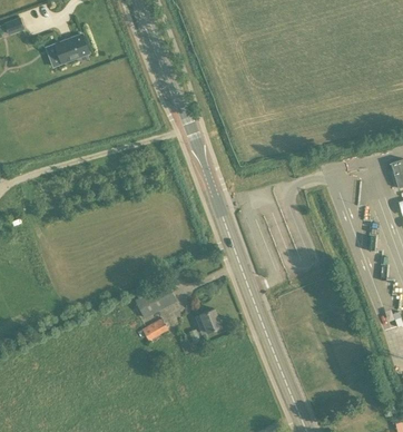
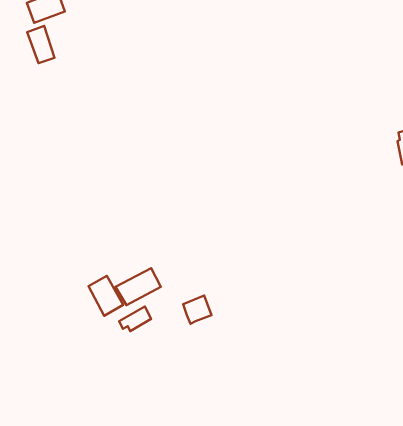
building: none -> [27,26,55,63]
building: none -> [88,276,123,316]

